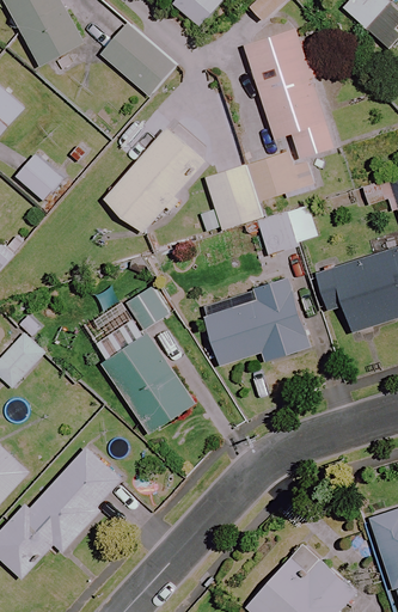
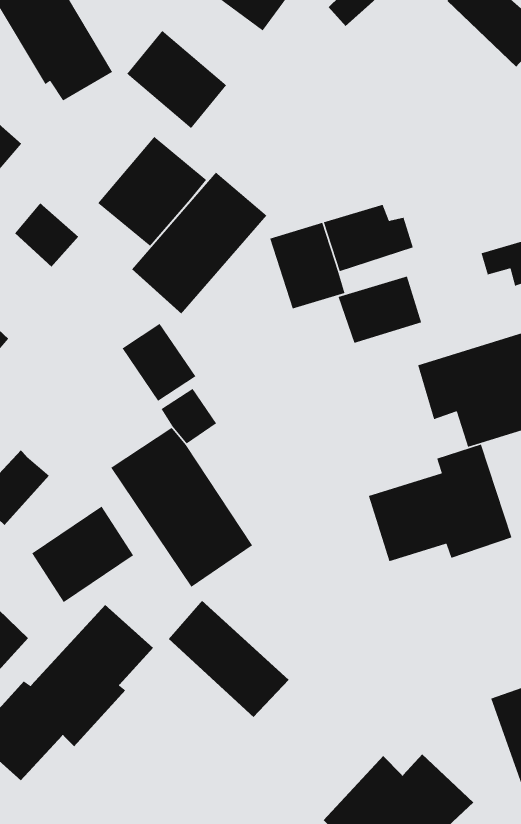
building: [244,30,333,159] -> none
building: none -> [97,136,207,247]
building: none -> [121,323,196,402]
building: [203,277,310,365] -> [368,444,512,562]
building: none -> [31,505,134,603]
building: none -> [168,600,289,718]

